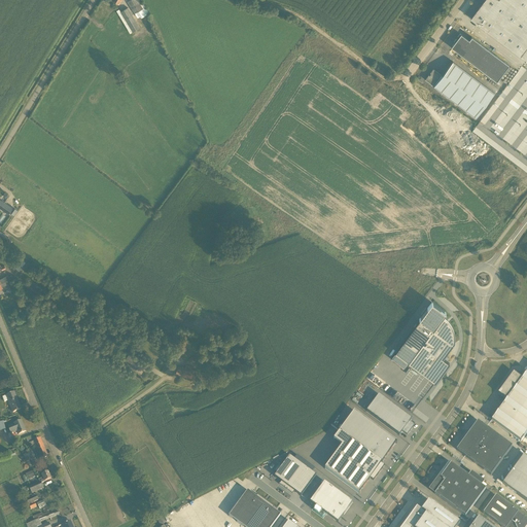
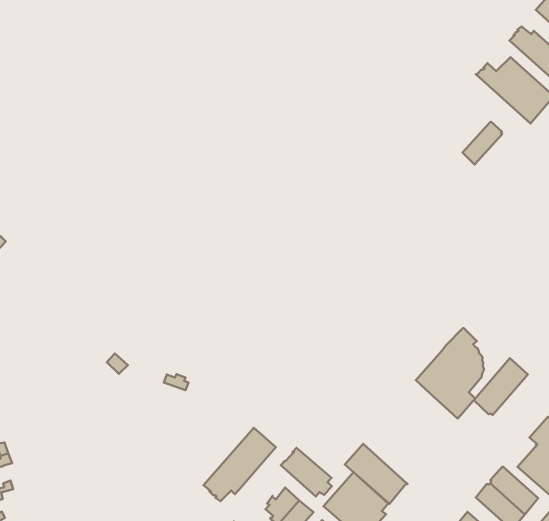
building: none -> [463,122,502,165]
building: none -> [474,358,528,415]
building: [366,394,413,435] -> [281,448,332,496]
building: none -> [204,428,276,501]

